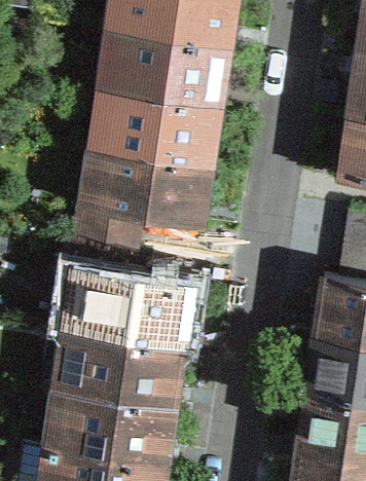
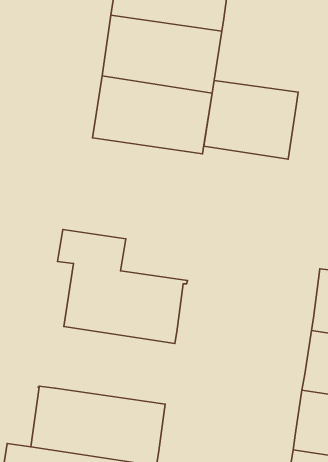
building: none -> [204,80,298,159]
building: [75,147,210,245] -> none
building: [68,329,183,404] -> none

